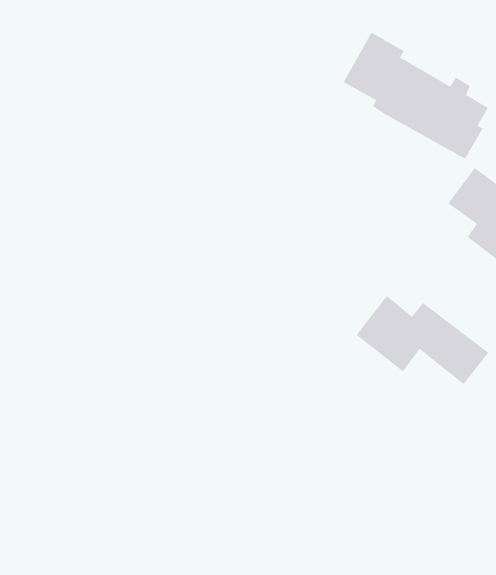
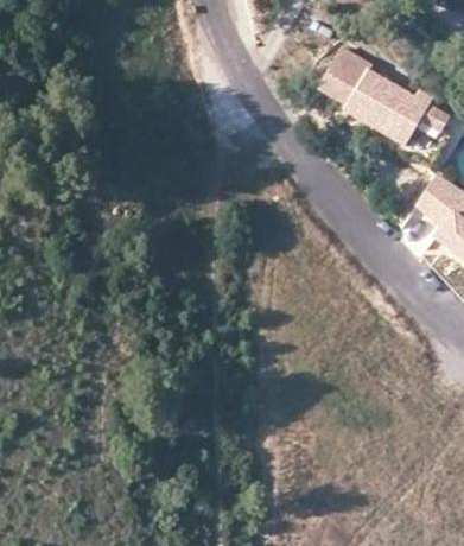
building: [356,295,489,385] -> none

